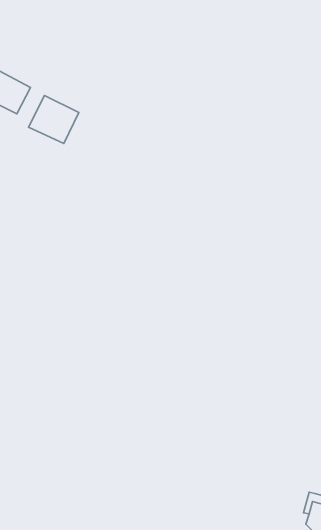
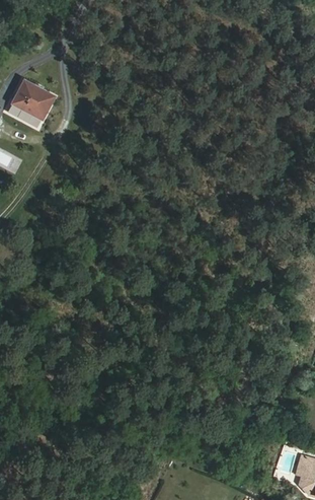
building: [29,95,79,143] -> none

